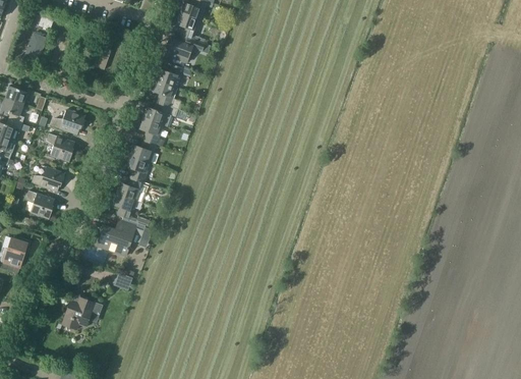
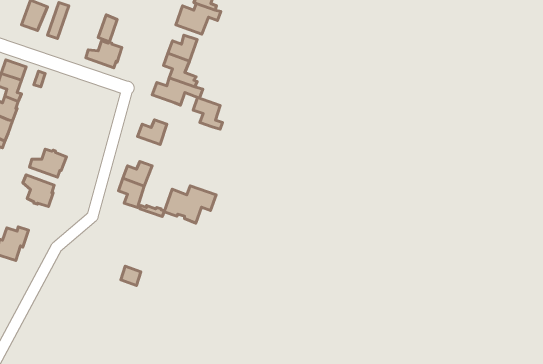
building: [52,109,84,133] -> [86,41,122,68]
building: [138,117,165,146] -> [193,98,222,129]
building: [46,132,74,161] -> none
building: [125,155,150,181] -> none
building: [97,222,143,256] -> [164,186,216,223]
building: [61,295,103,328] -> none

